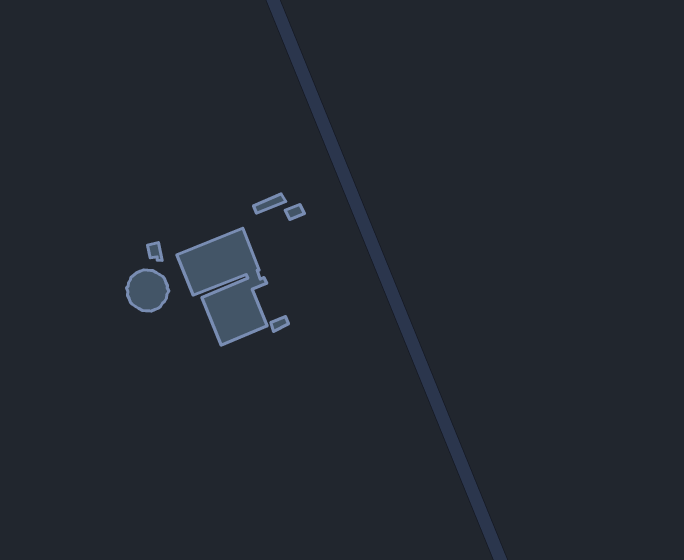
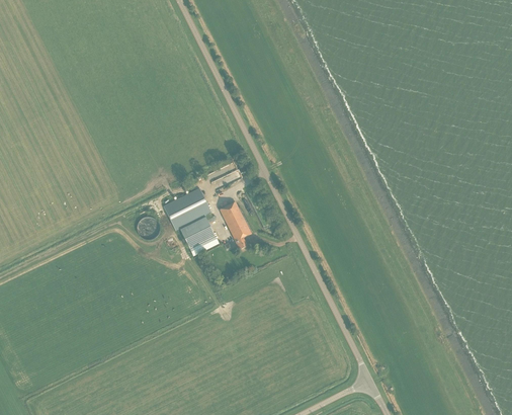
building: none -> [219,201,250,248]

